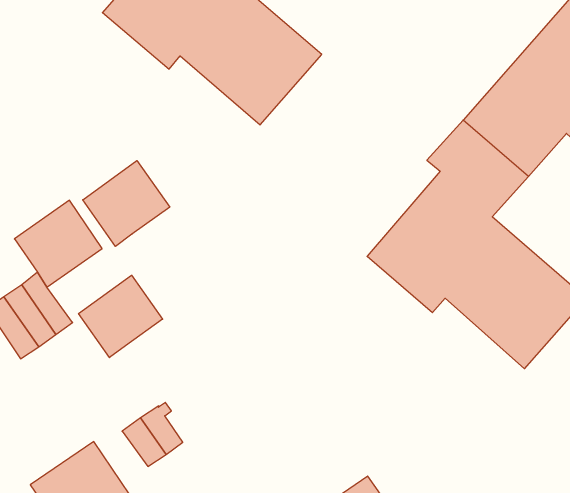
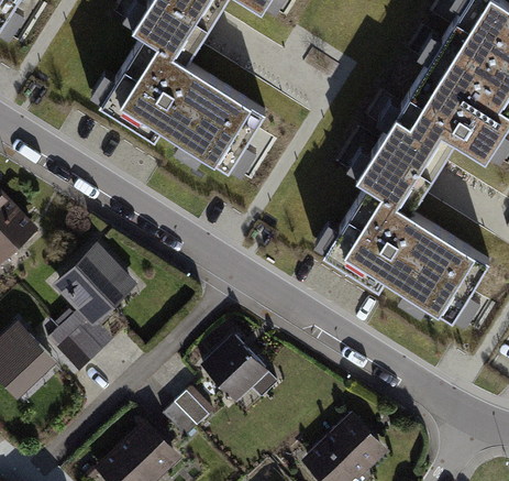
building: [83,161,170,246] -> none
building: [79,275,163,358] -> none
building: none -> [204,337,267,400]

